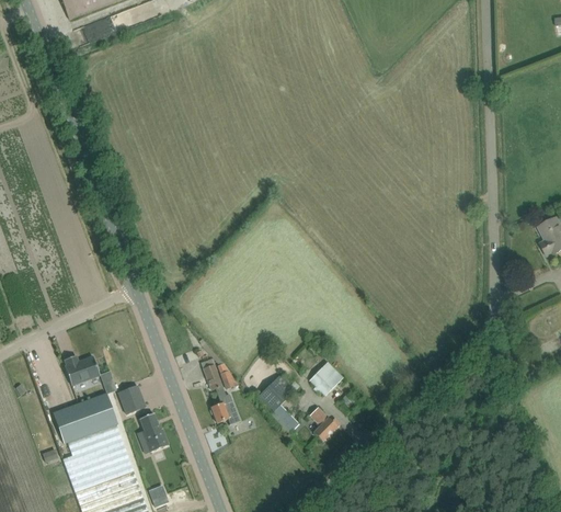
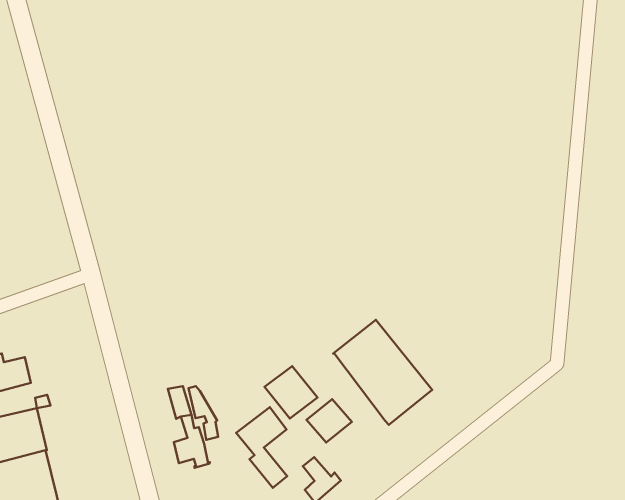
building: none -> [333,320,432,425]
building: none -> [264,366,318,418]
building: [118,384,146,413] -> none
building: [139,412,169,451] -> none

